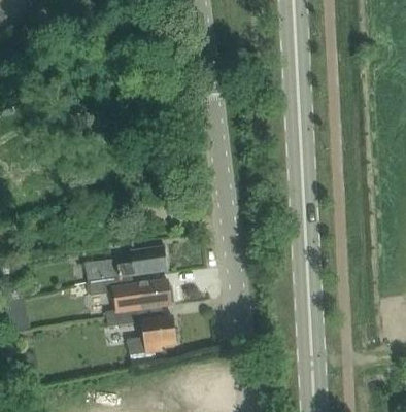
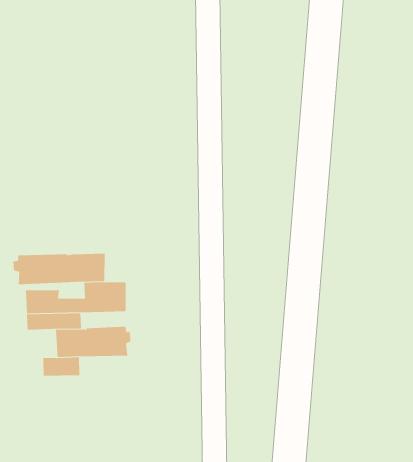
building: none -> [13,253,105,285]
building: [127,316,174,352] -> none

